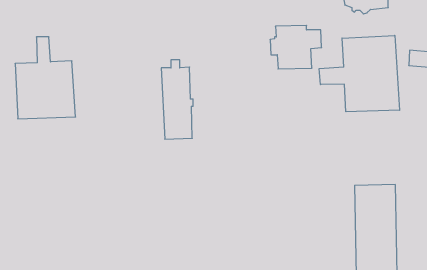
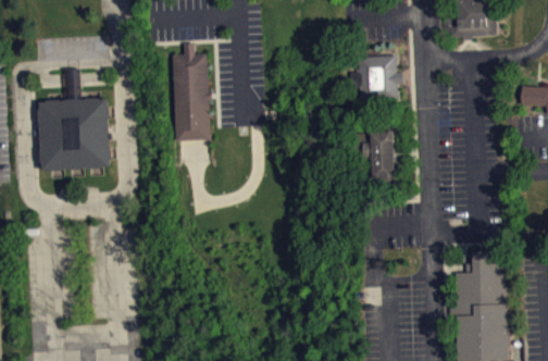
building: [319,35,400,112] -> none
building: [161,60,193,139] -> [173,45,212,141]
building: none -> [363,133,395,180]

